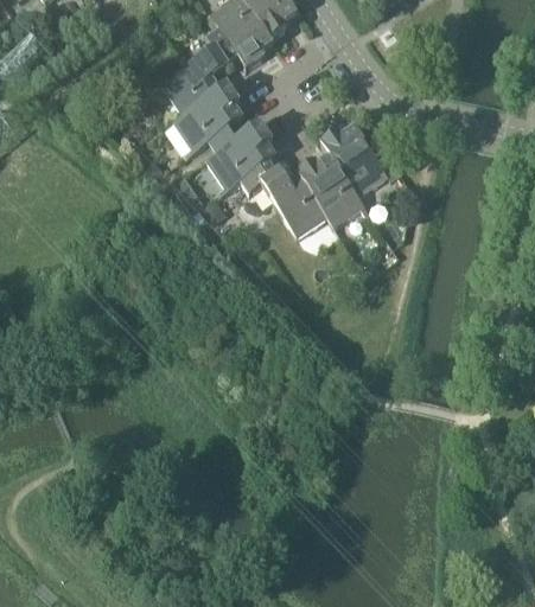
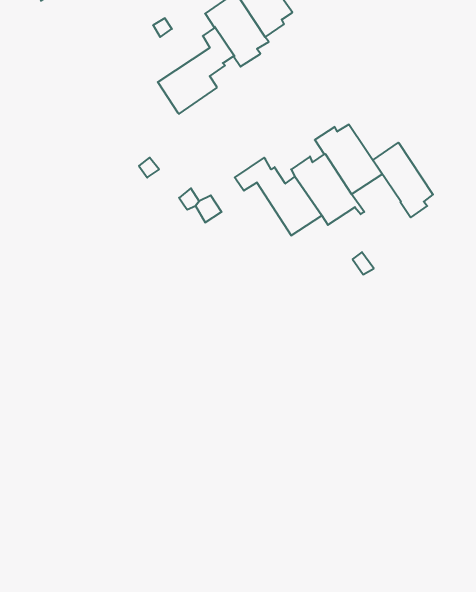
building: [174,83,246,156] -> none
building: [208,122,278,196] -> none
building: none -> [373,143,433,217]

